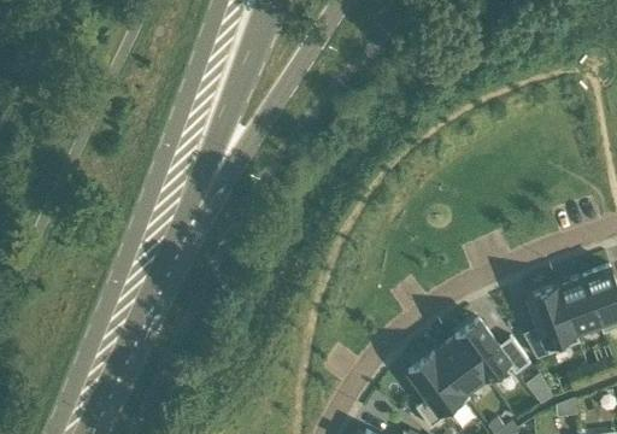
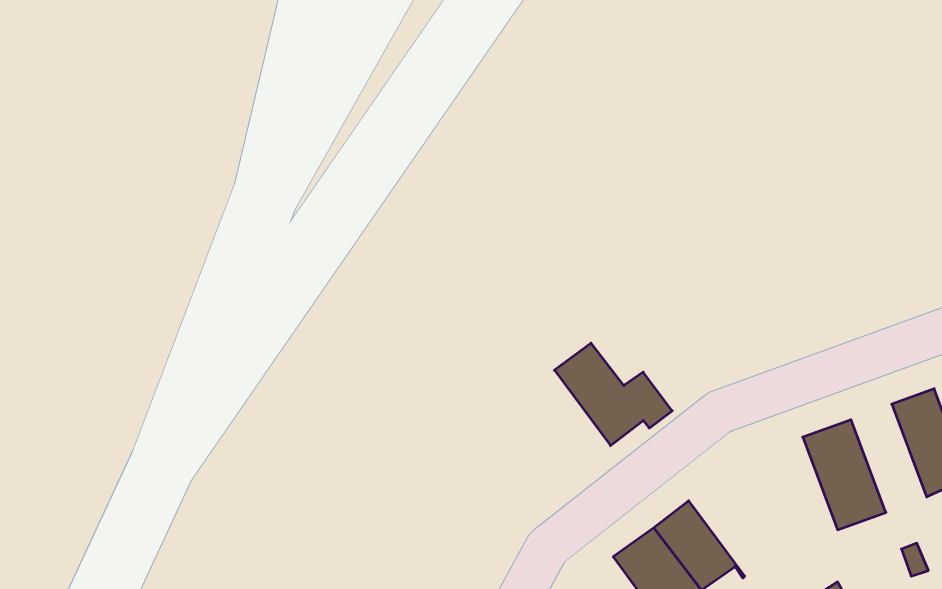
building: [557,276,604,344] -> none
building: [456,319,529,383] -> [554,343,672,446]

